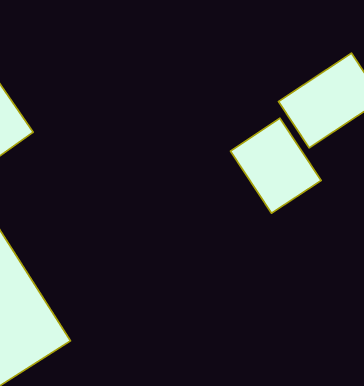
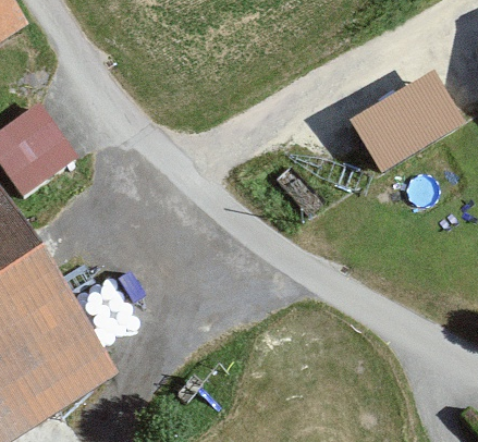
building: [230,118,321,213] -> none

